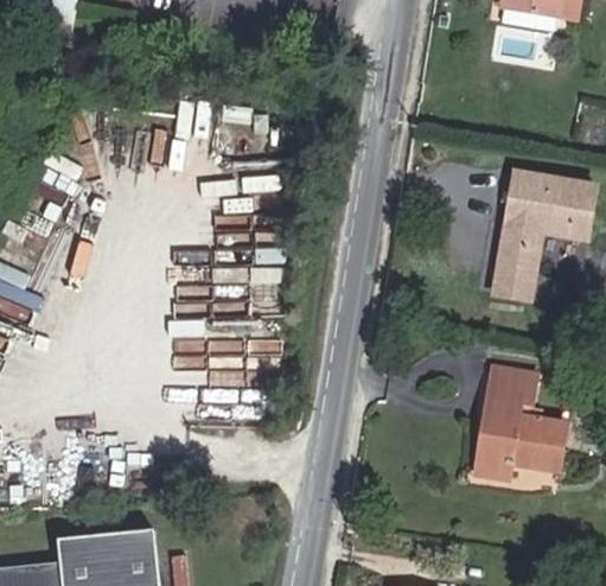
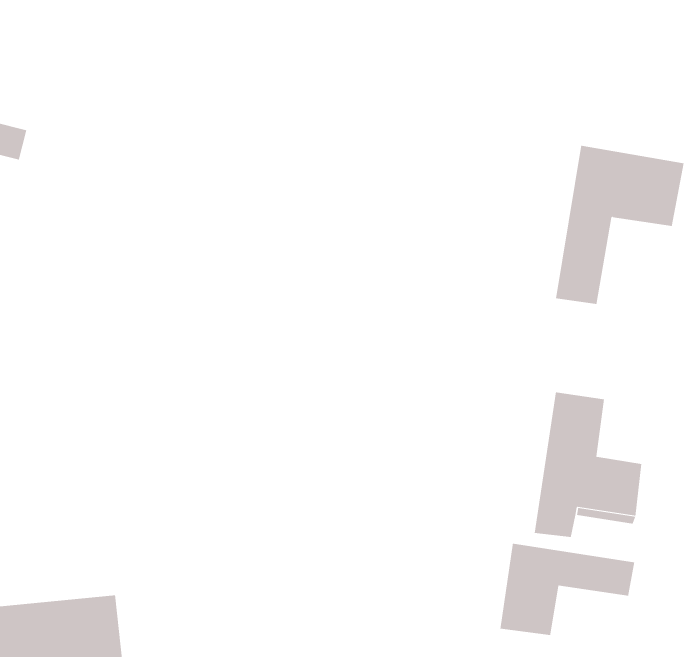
building: none -> [500,543,635,636]

